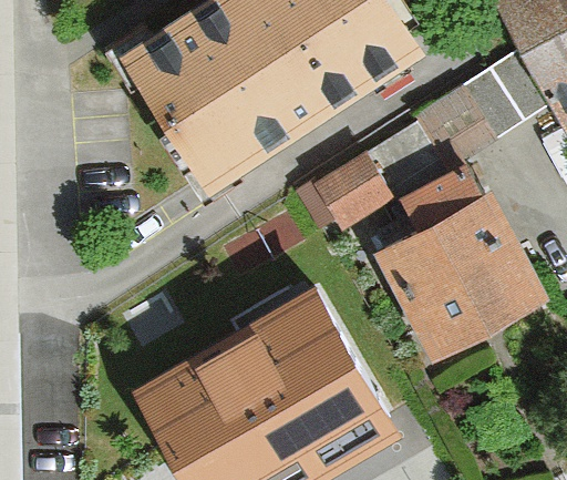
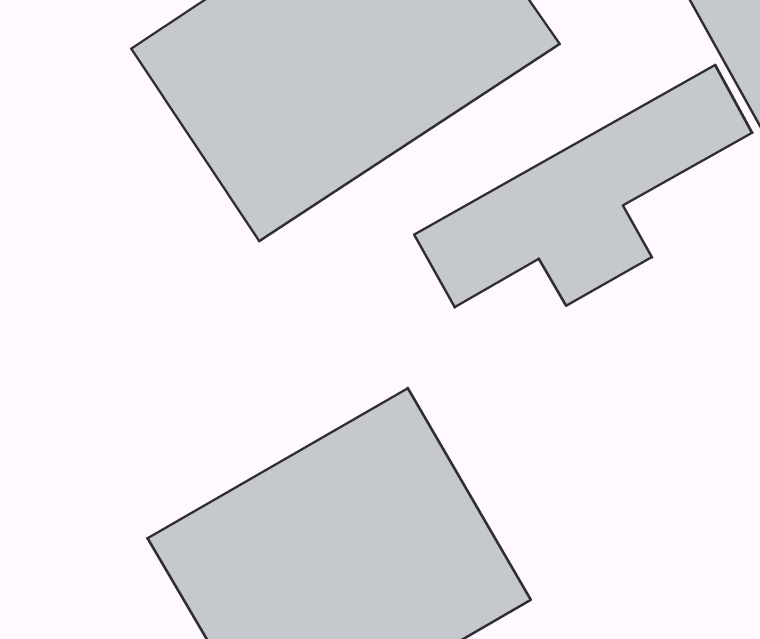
building: [374,194,544,359] -> none

